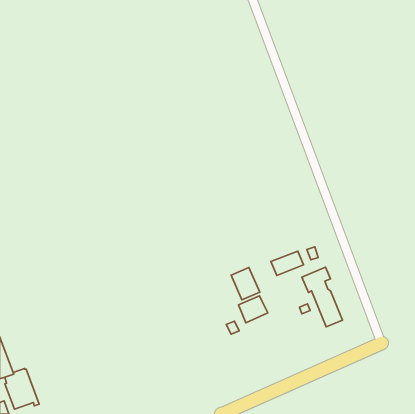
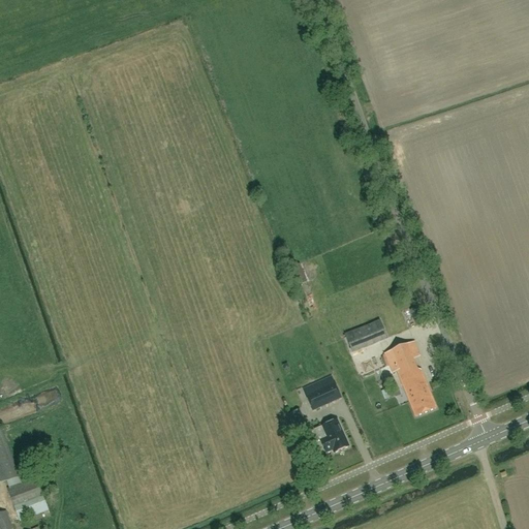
building: [231,267,260,300] -> none
building: none -> [318,417,348,452]

